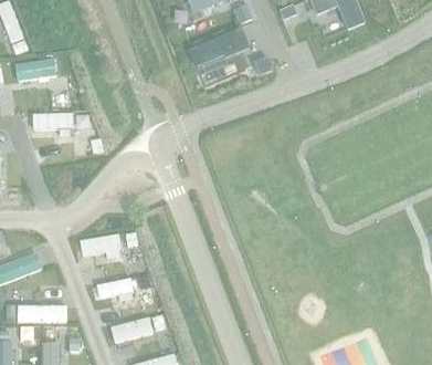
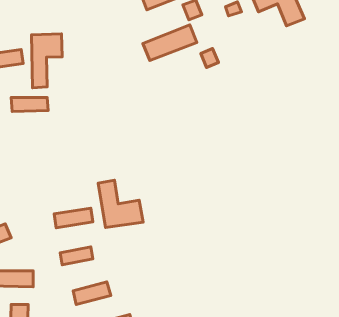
building: none -> [32,34,62,88]
building: none -> [98,180,143,227]

